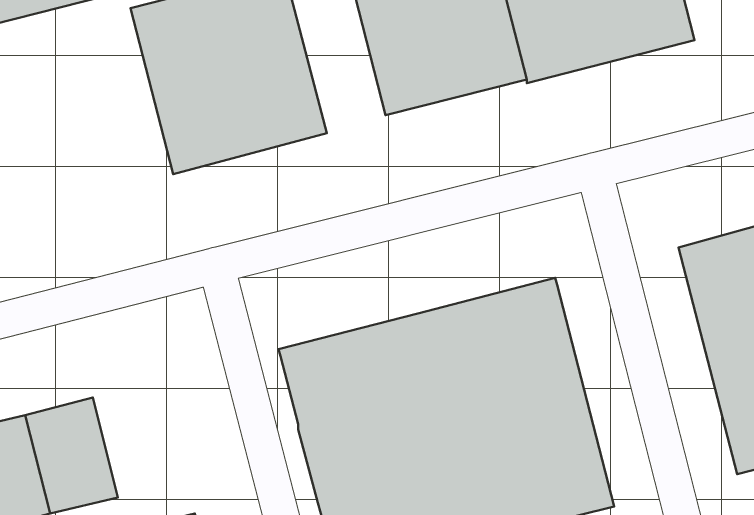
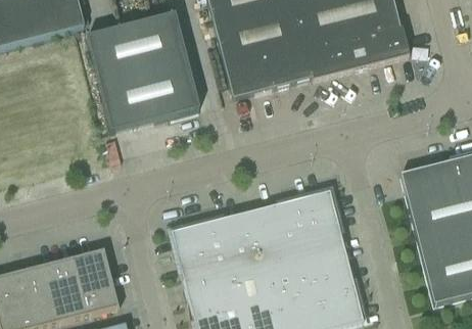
building: none -> [64,248,117,316]

